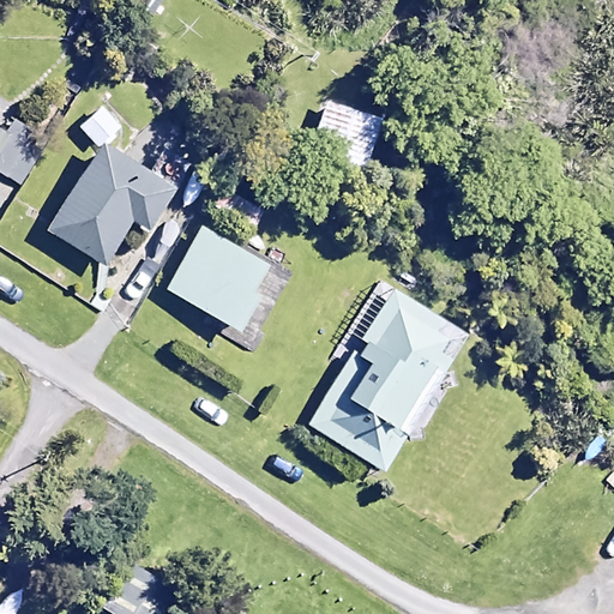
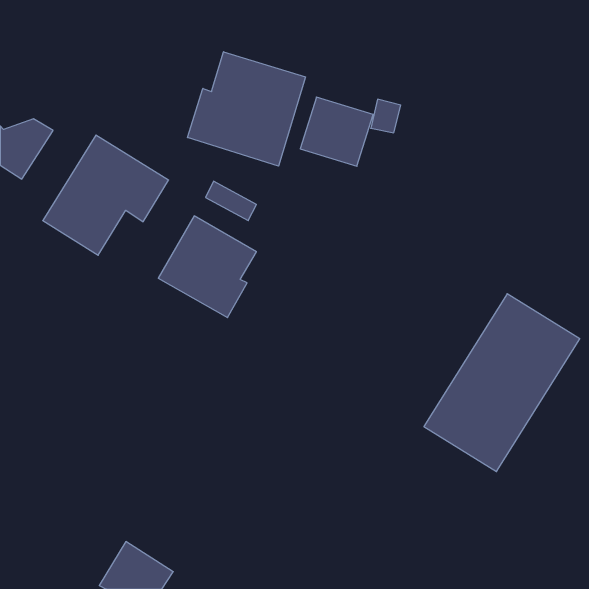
building: none -> [188,52,306,166]
building: [308,288,470,472] -> [424,294,580,472]

